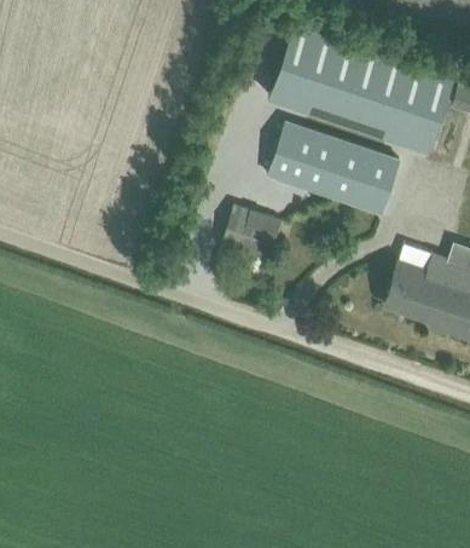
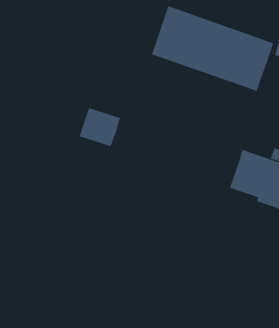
building: [268,120,401,213] -> none
building: [221,203,284,263] -> [79,107,121,147]

